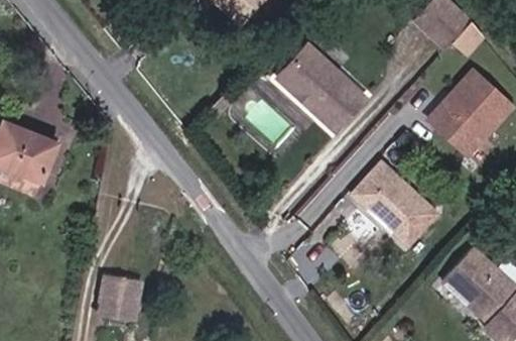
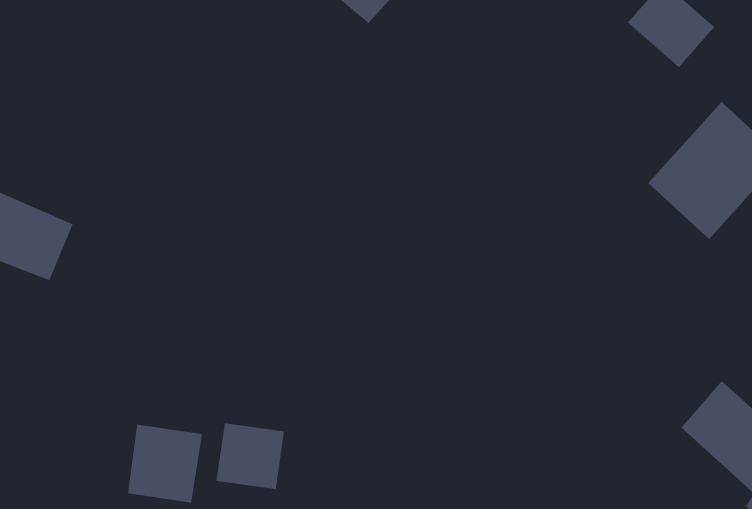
building: [287,47,364,129] -> none
building: [356,162,438,242] -> none
building: none -> [216,423,284,490]

